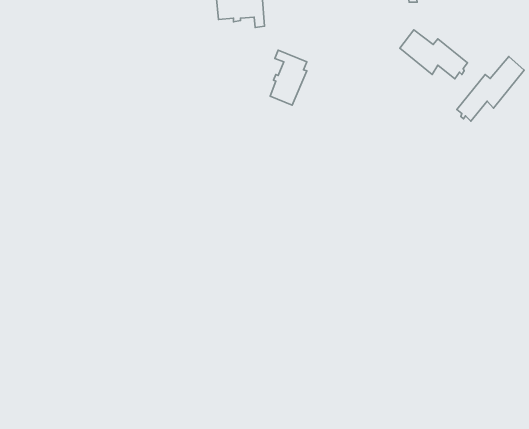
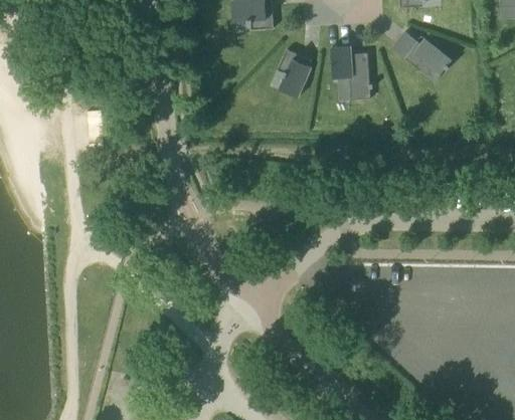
building: none -> [331,46,372,99]
building: [457,57,524,121] -> none

